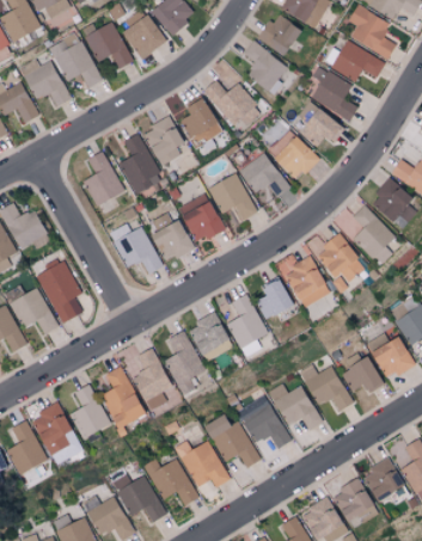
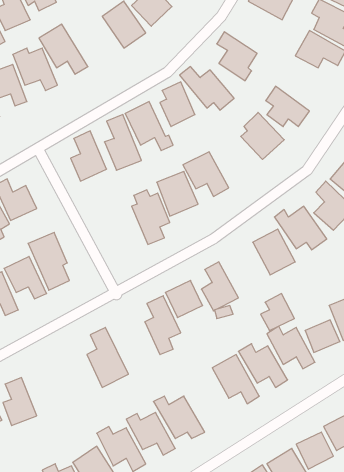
building: [258,14,300,56] -> none
building: [85,23,133,69] -> none
building: [311,72,357,121] -> none
building: [239,153,287,196] -> none
building: [114,227,161,273] -> none
building: [255,278,292,319] -> [261,294,294,331]
building: [133,348,173,412] -> none
building: [72,385,111,438] -> none
building: [32,404,84,466] -> none
building: [204,414,258,468] -> none

